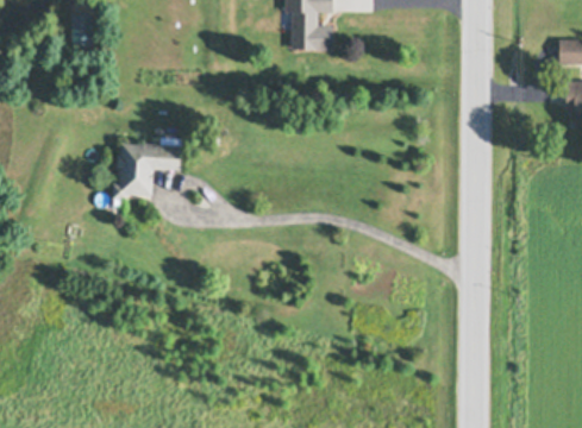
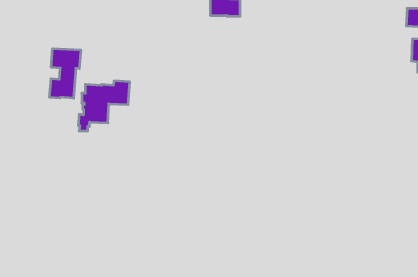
building: none -> [50,49,81,98]

